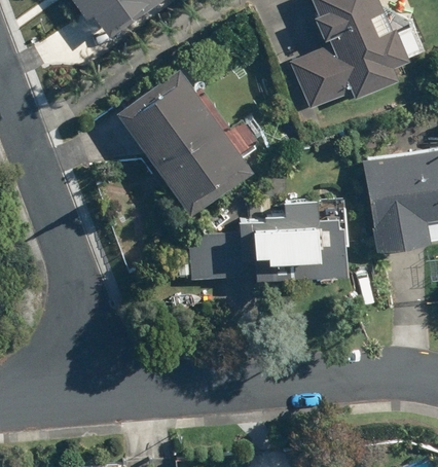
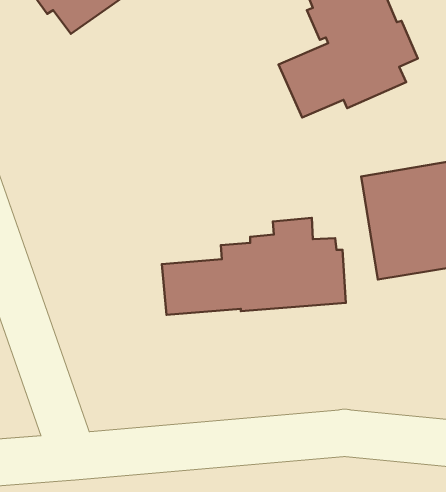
building: [116,67,254,215] -> none

